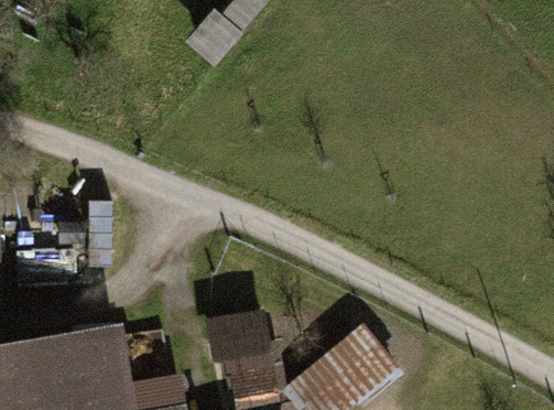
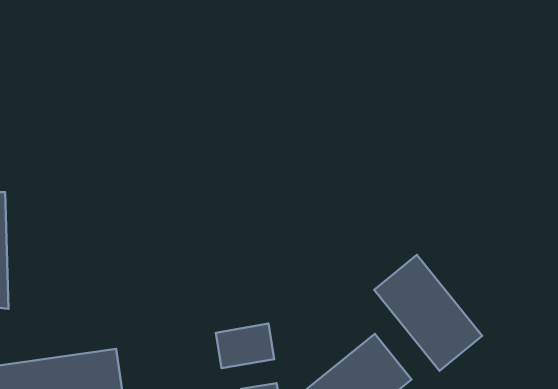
building: none -> [374,255,482,371]

